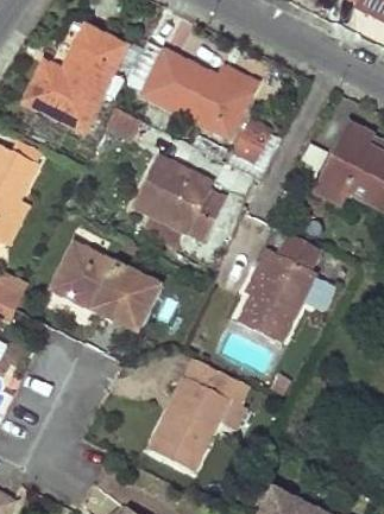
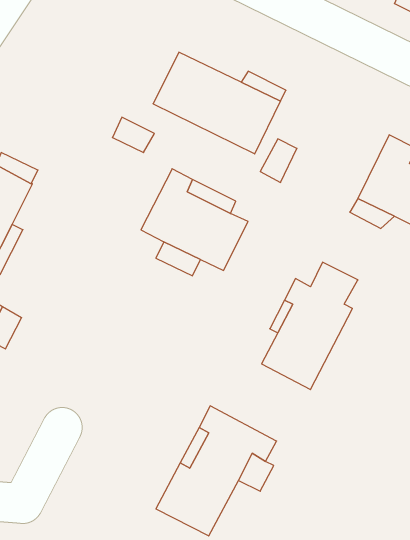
building: [25,26,127,131] -> none
building: [50,242,159,331] -> none

